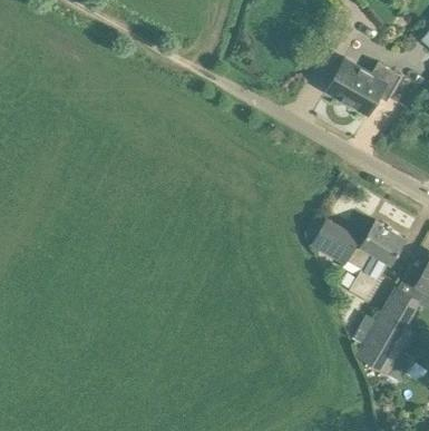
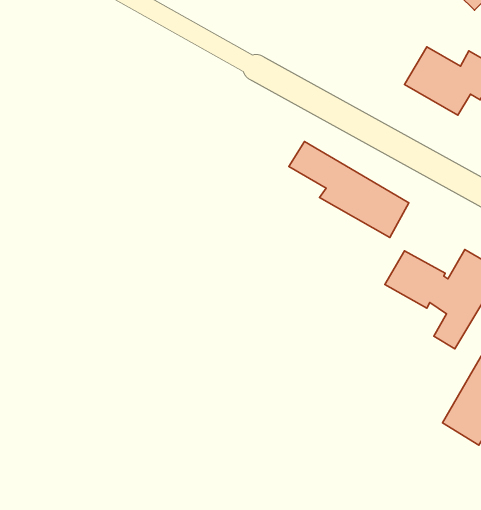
building: none -> [289,141,409,237]

